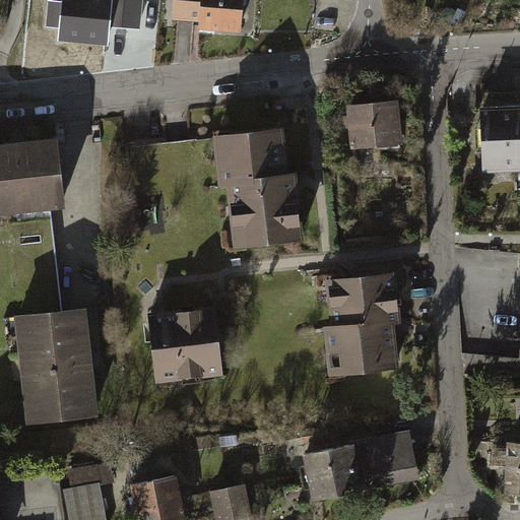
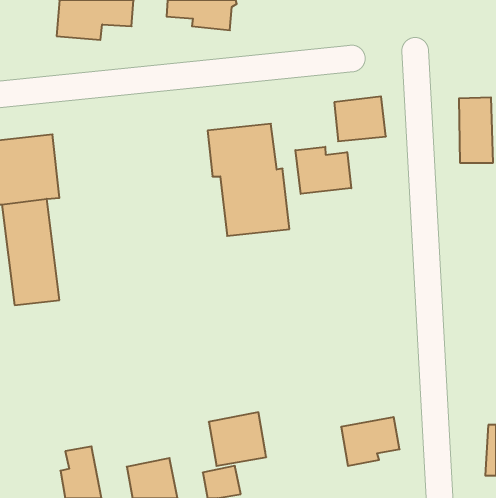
building: none -> [295,147,351,194]
building: [326,274,400,375] -> none
building: [150,308,221,382] -> none
building: [15,310,98,422] -> none
building: [304,445,364,501] -> [209,412,266,466]

